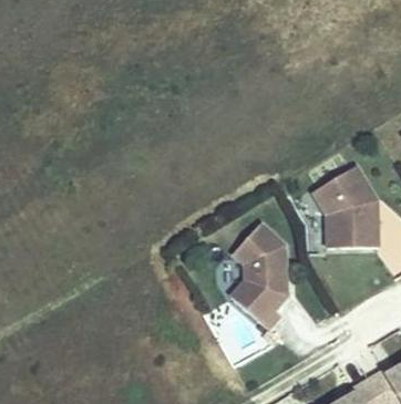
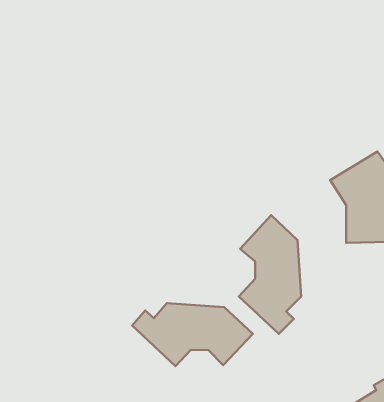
building: none -> [132,303,253,366]

